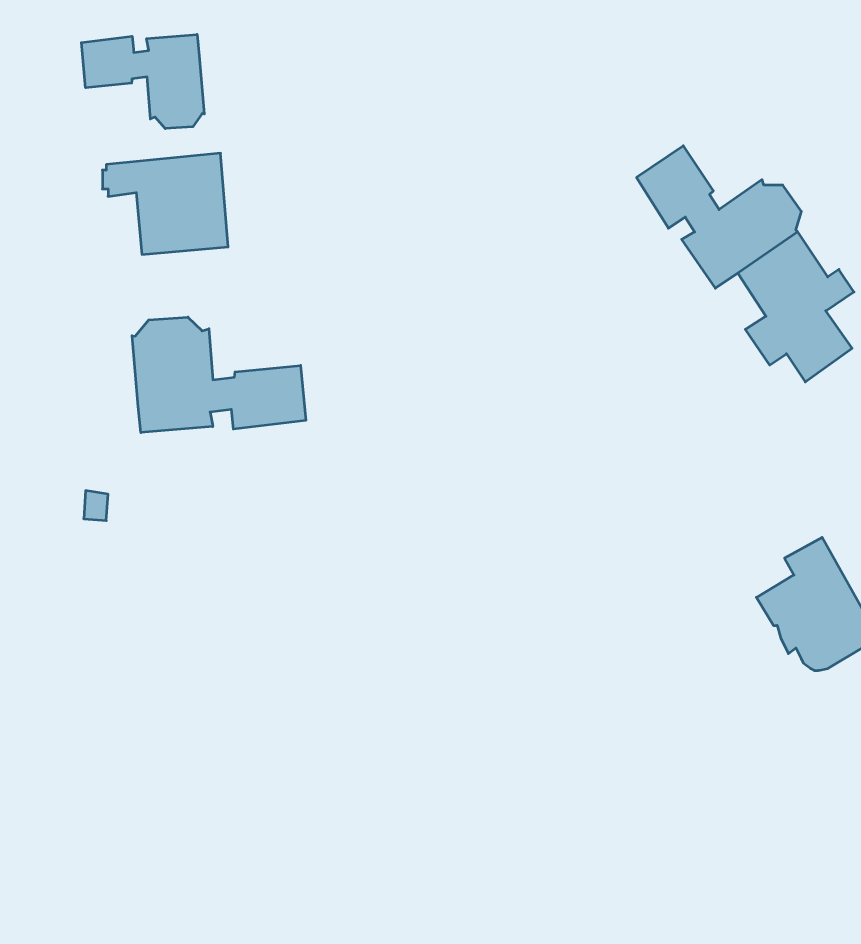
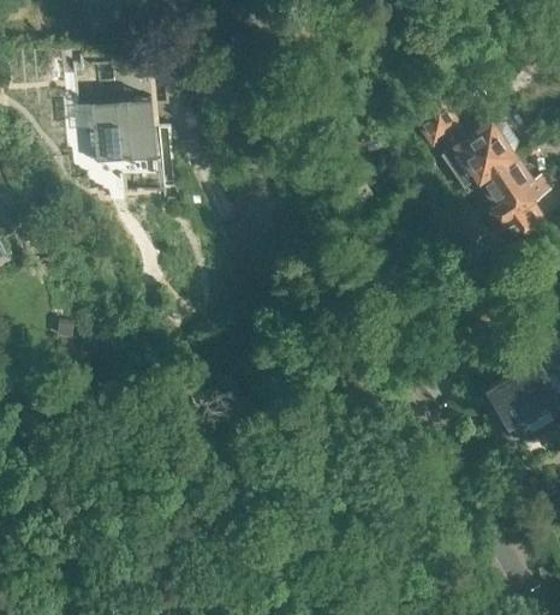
building: [81,34,204,129] -> none
building: [132,317,306,433] -> none

